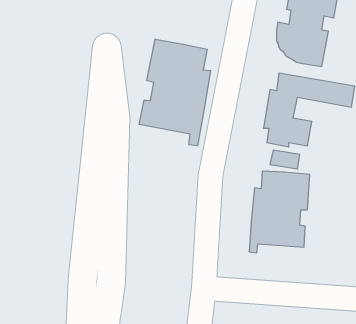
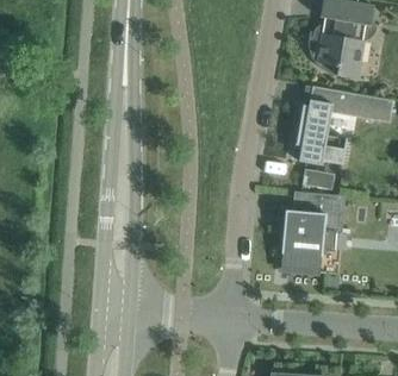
building: [139,39,211,146] -> none

